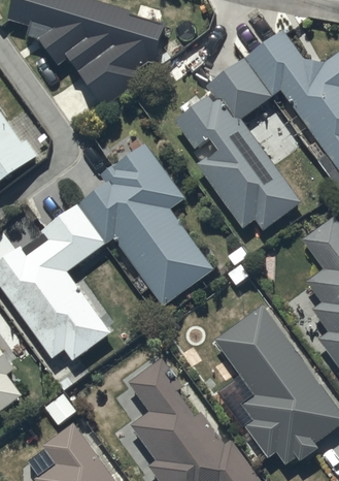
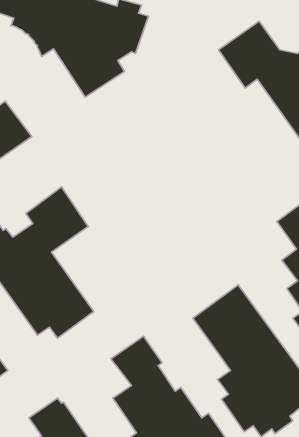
building: [175,59,301,230] -> none
building: [76,142,211,304] -> none

